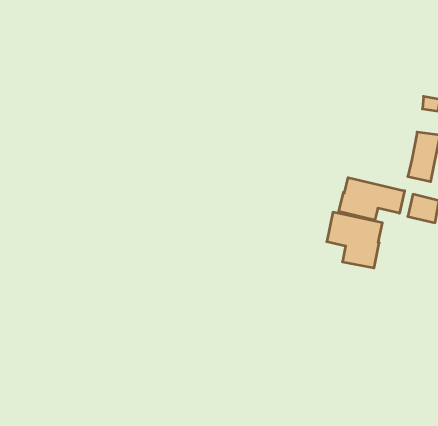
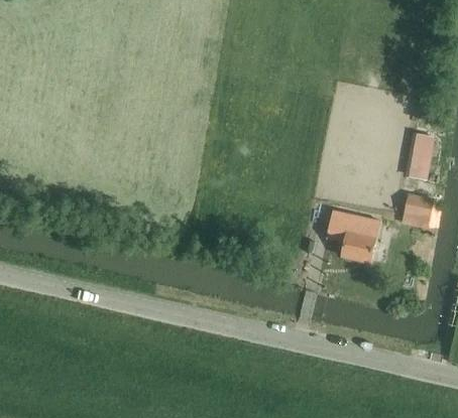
building: [339,178,405,220] -> none

